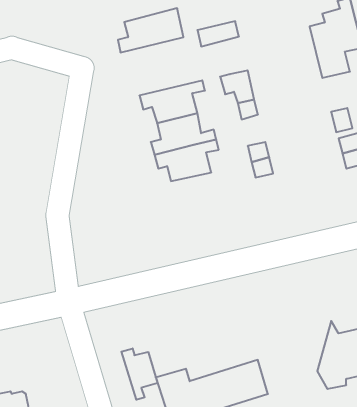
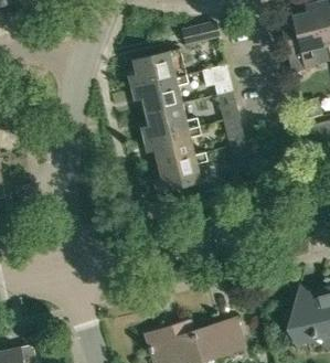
building: [118,8,183,52] -> [129,49,187,87]
building: none -> [153,151,207,191]
building: [121,348,157,400] -> none

